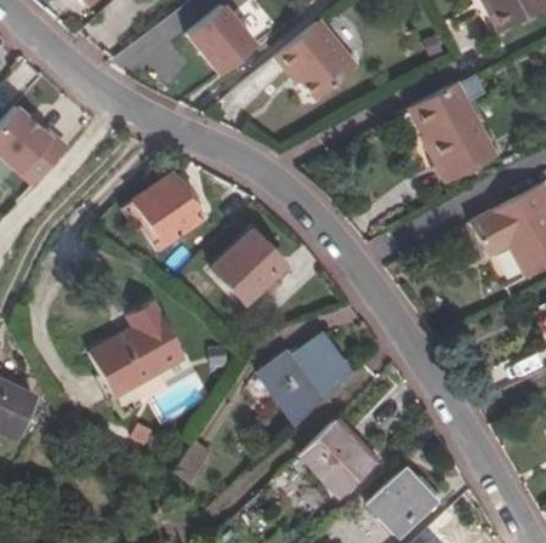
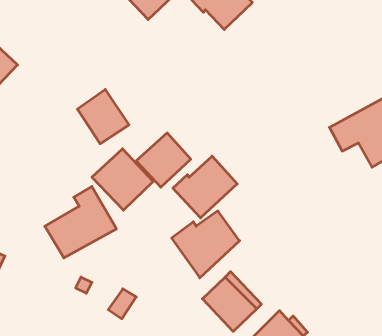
building: [411,80,495,183] -> none
building: none -> [92,149,153,210]
building: none -> [173,156,237,218]

